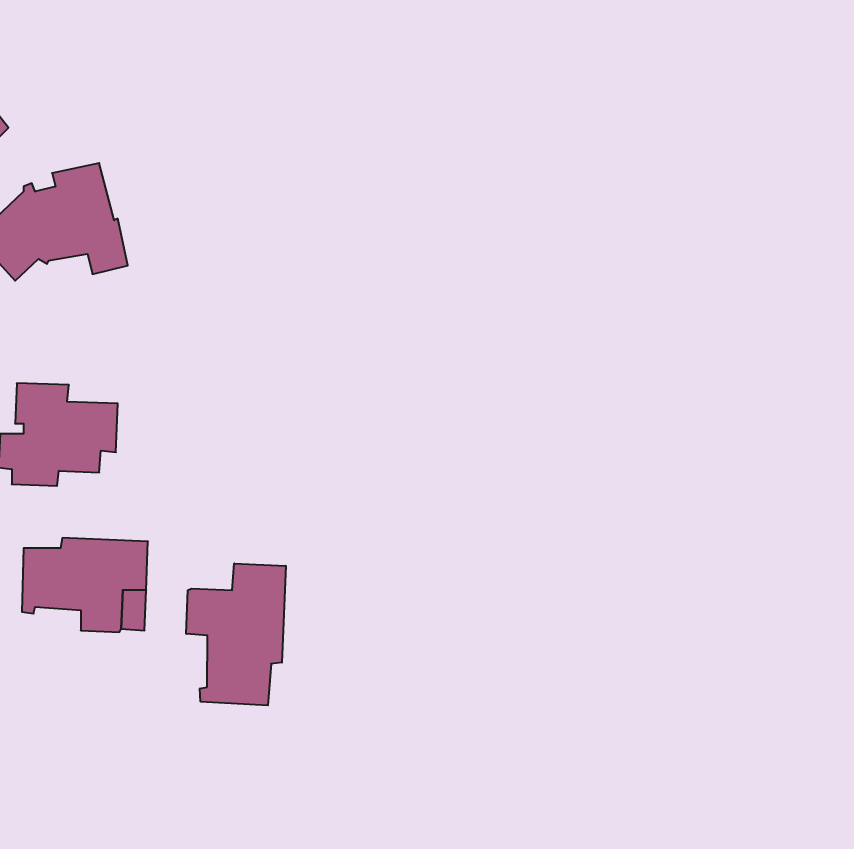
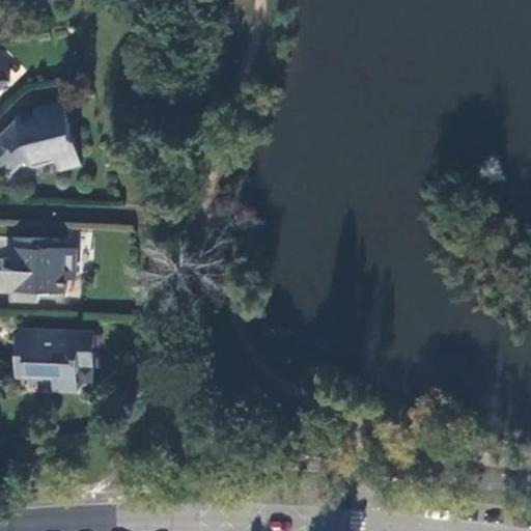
building: [186,563,286,705] -> none

